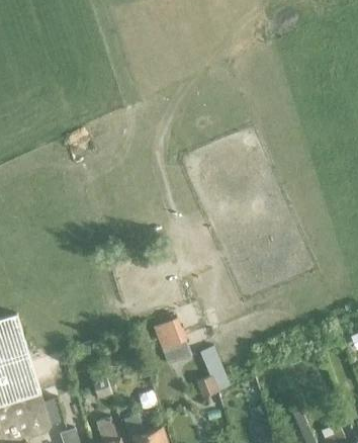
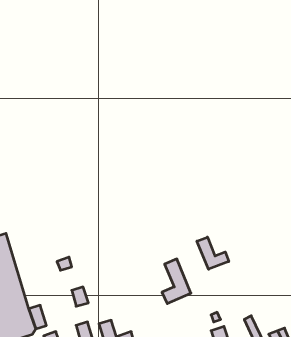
building: [154,318,192,364] -> none
building: none -> [197,237,229,269]

